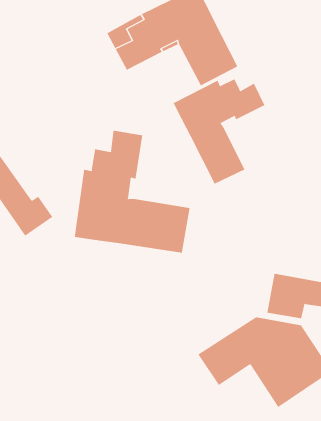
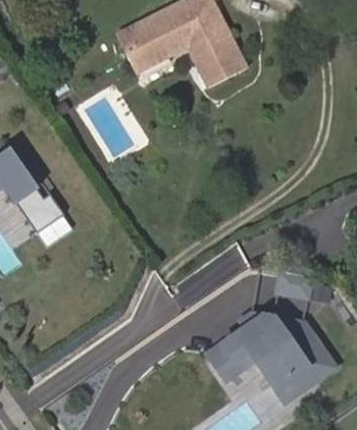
building: [173,79,265,185] -> none
building: [74,130,190,254] -> none

